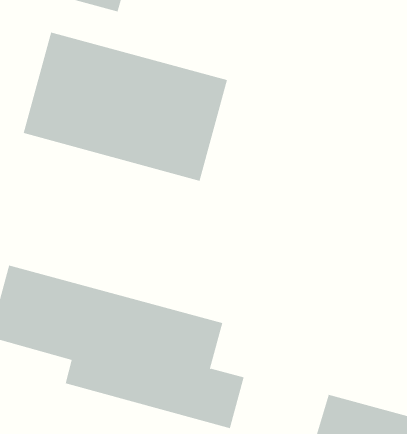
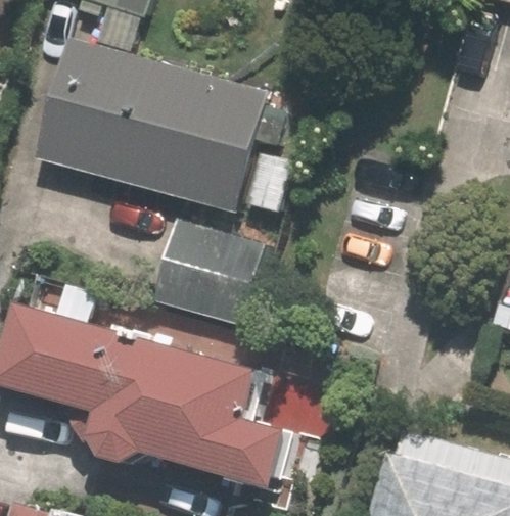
building: none -> [155,218,259,322]

